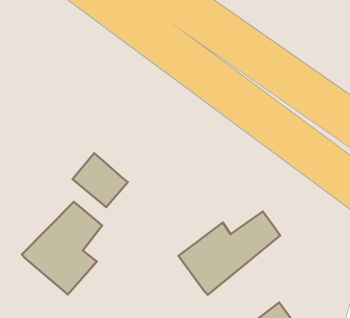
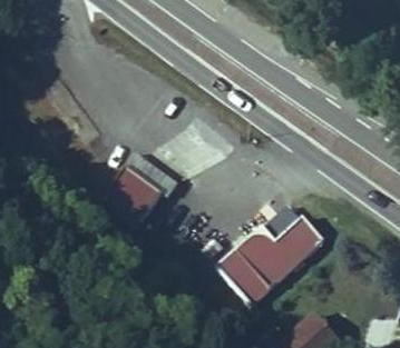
building: [22,202,102,295] -> none

